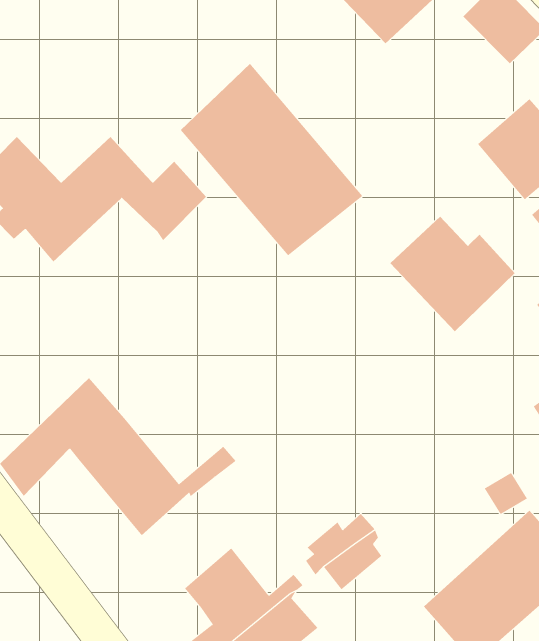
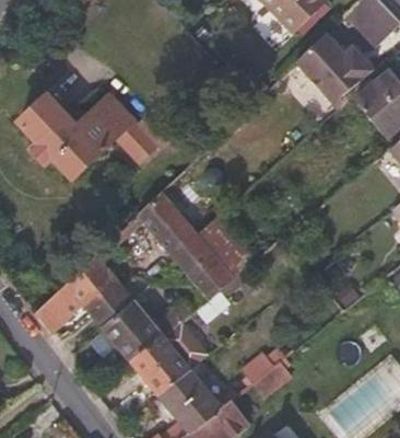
building: [180,63,363,256] -> [136,171,258,300]
building: [389,216,515,332] -> [293,30,377,107]
building: none -> [129,323,205,397]

